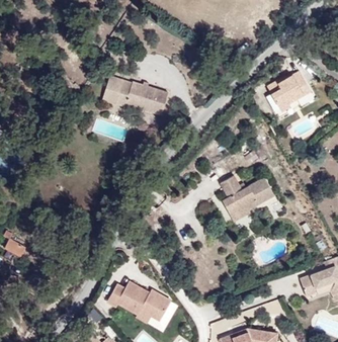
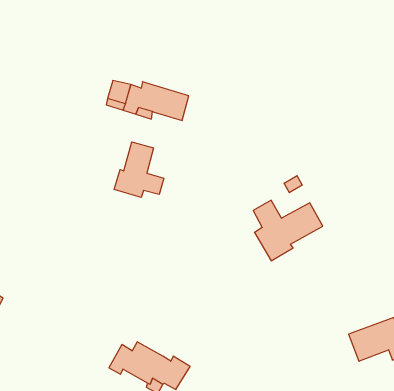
building: [272,73,313,113] -> none
building: none -> [114,142,164,197]

